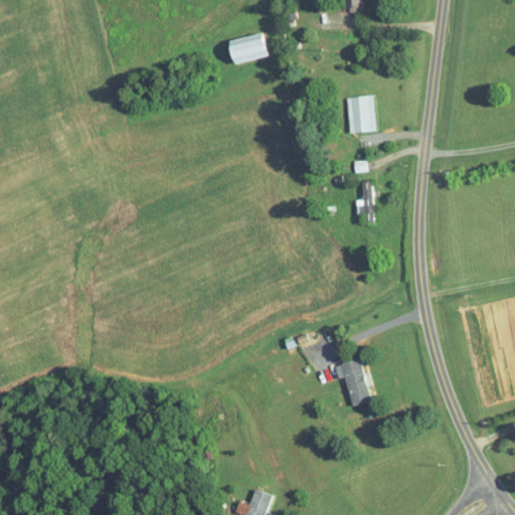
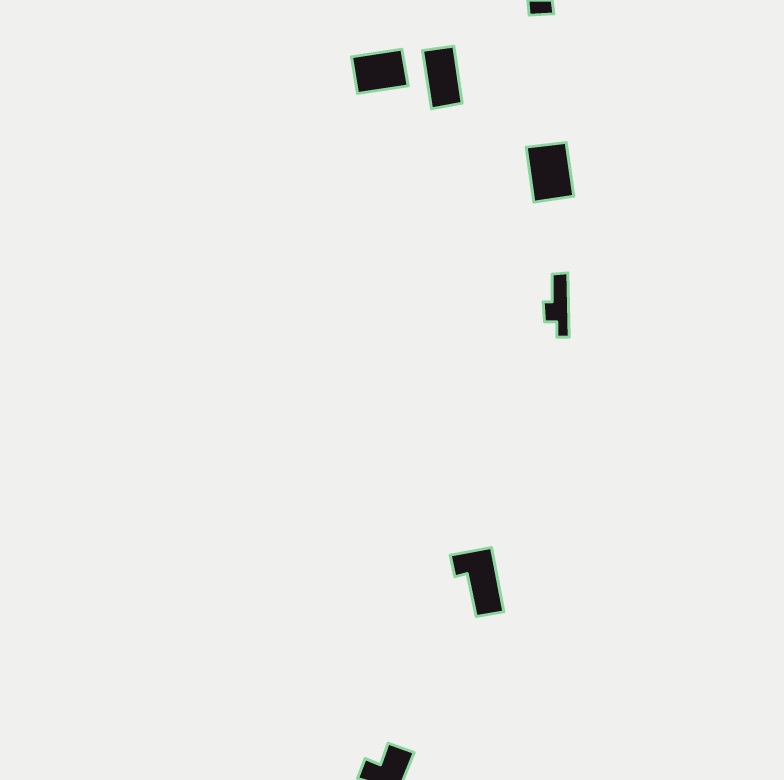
building: none -> [423,46,462,109]
building: [334,360,369,405] -> [450,548,504,617]

